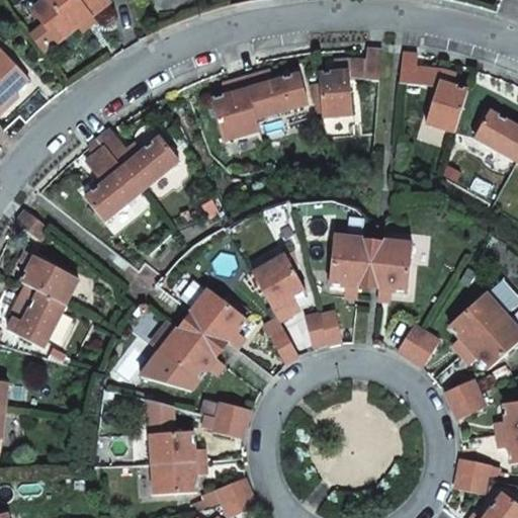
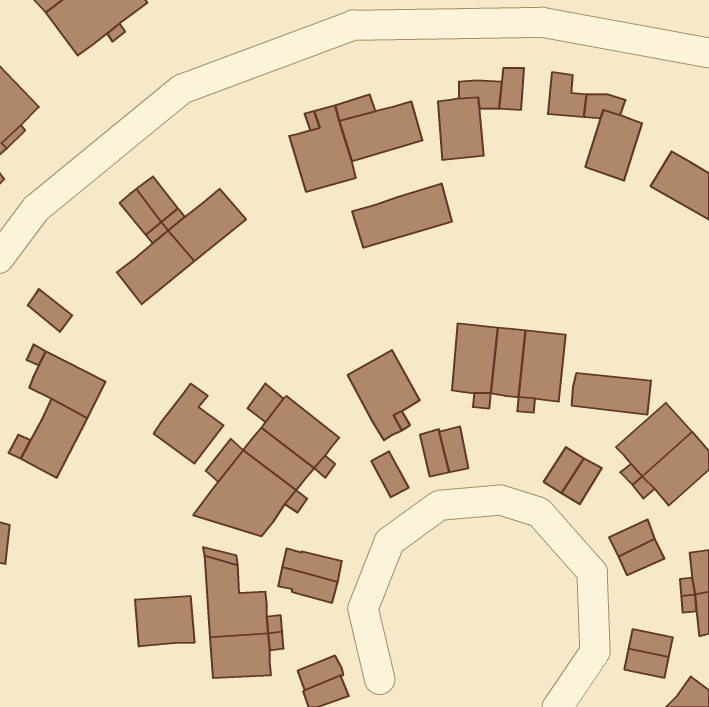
building: none -> [352,183,452,248]
building: none -> [572,373,651,415]
building: none -> [154,384,224,464]
building: none -> [135,596,194,647]

